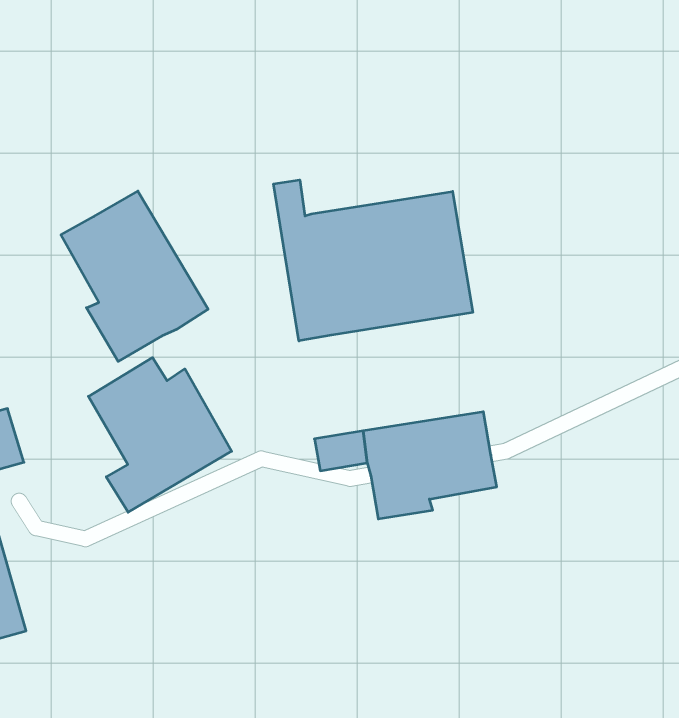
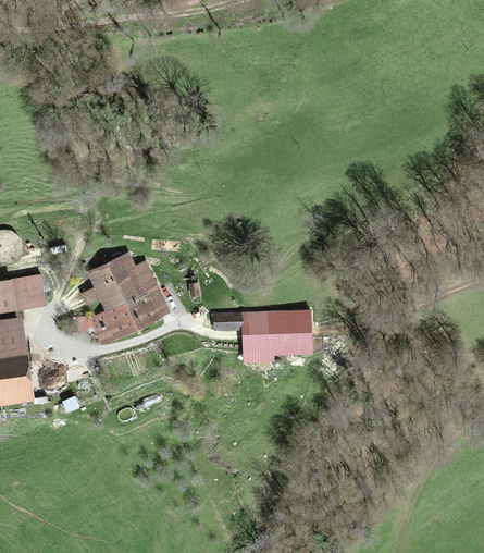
building: [274,180,473,341] -> none
building: [61,191,208,361] -> none

